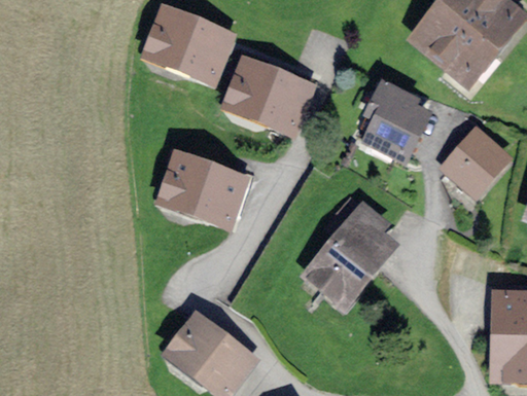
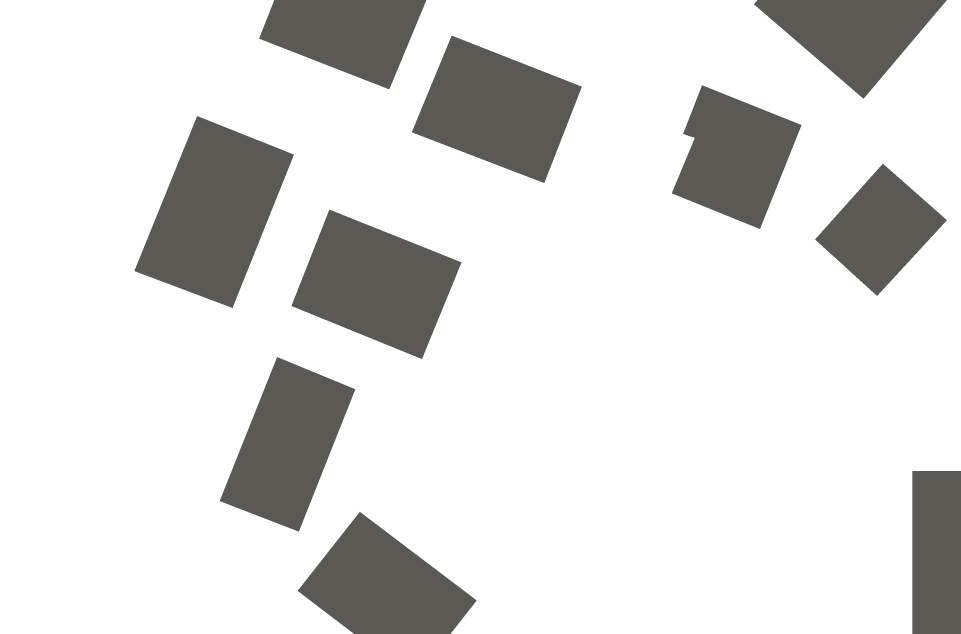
building: none -> [133,115,295,309]
building: [301,202,399,312] -> none
building: none -> [219,356,356,533]

